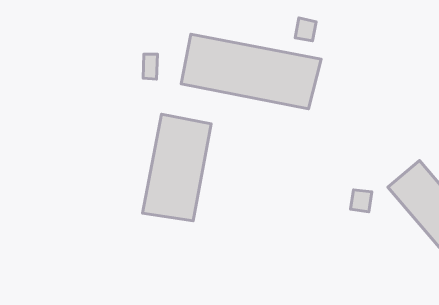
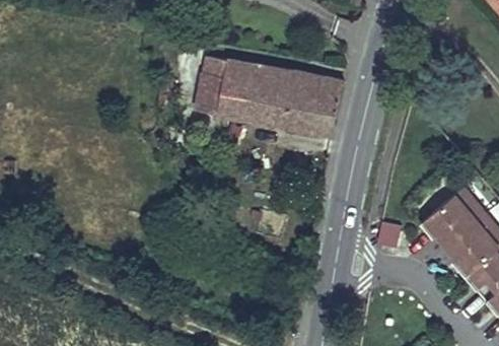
building: [142,114,211,221] -> none

